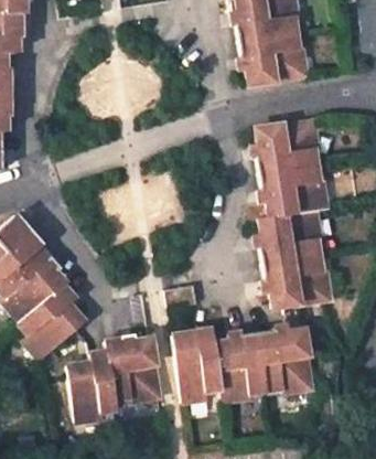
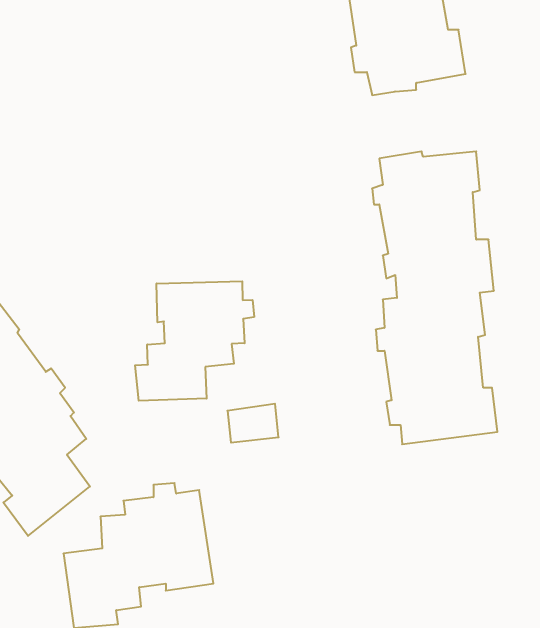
building: none -> [135,281,254,401]
building: [169,325,311,401] -> none

